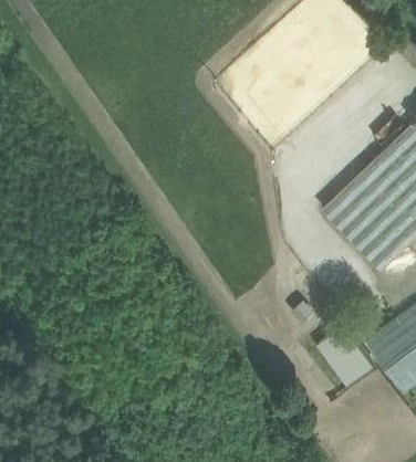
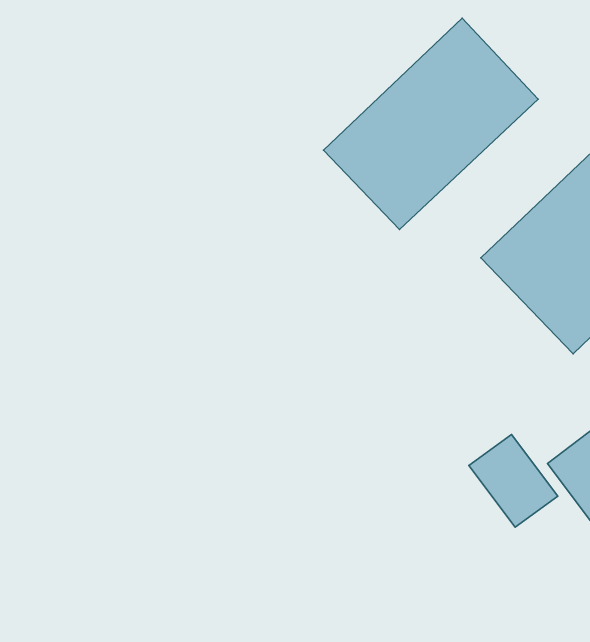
building: none -> [323,18,538,230]

